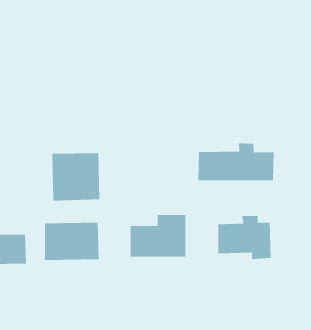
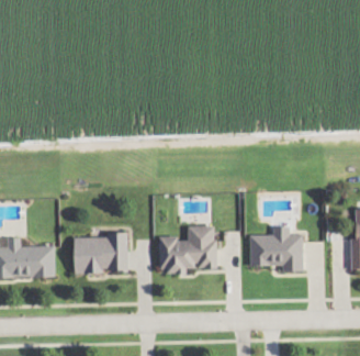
building: [198,142,275,181] -> none
building: [51,153,100,201] -> none

